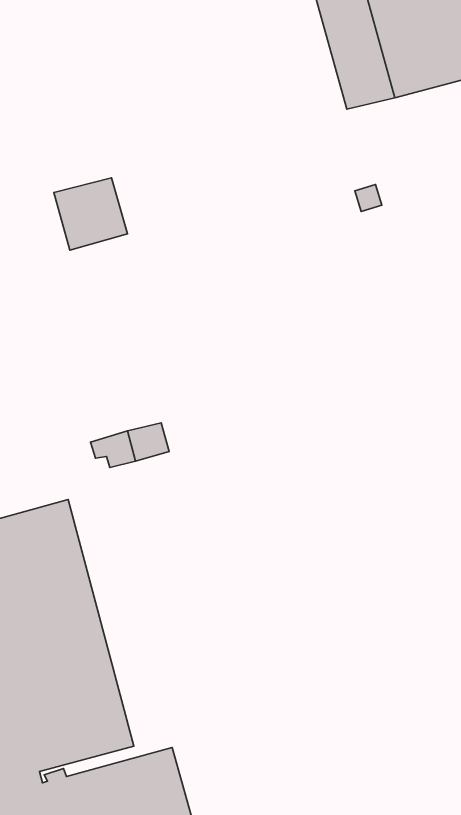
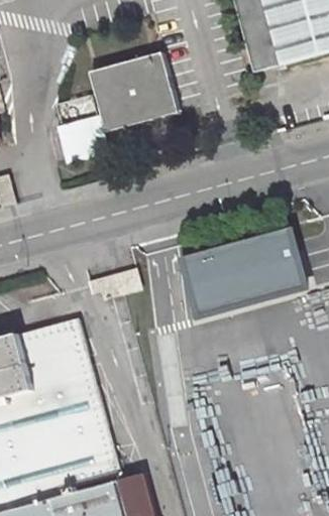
building: none -> [95,46,184,127]
building: none -> [178,230,307,320]

